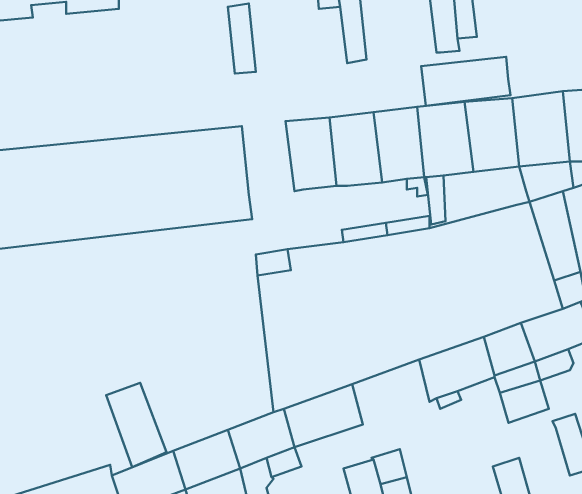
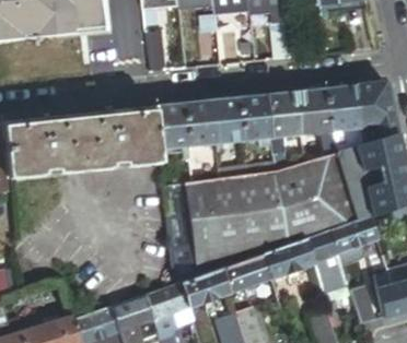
building: [421,57,511,106] -> none
building: none -> [154,102,187,147]
building: none -> [223,250,271,291]
building: [106,383,167,467] -> none

